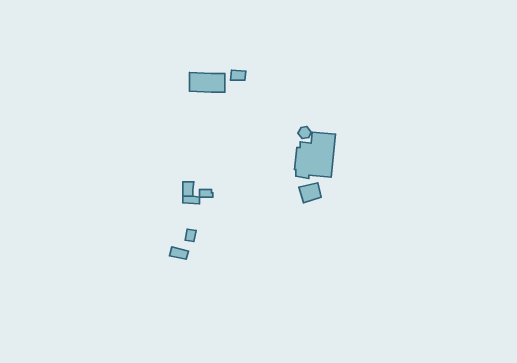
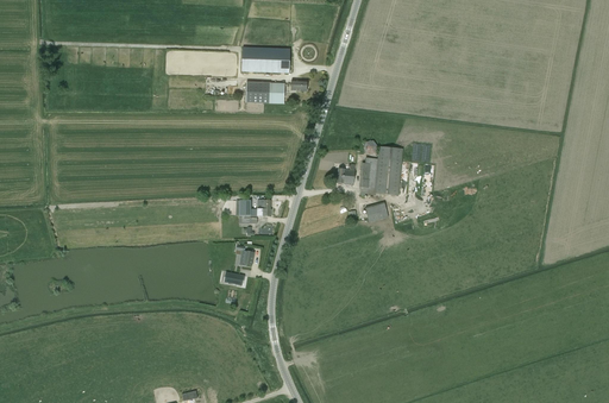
building: none -> [241,46,290,73]

